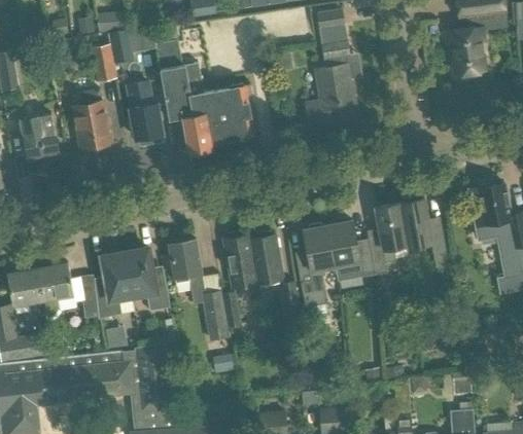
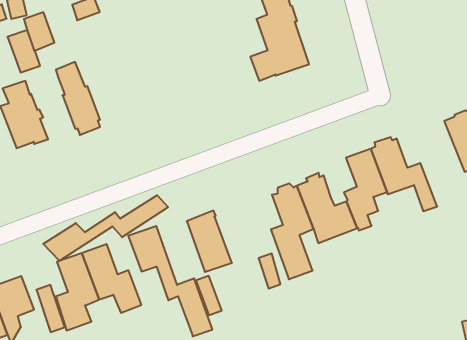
building: [155,42,253,155] -> none
building: none -> [43,195,168,261]
building: [249,234,283,284] -> none

